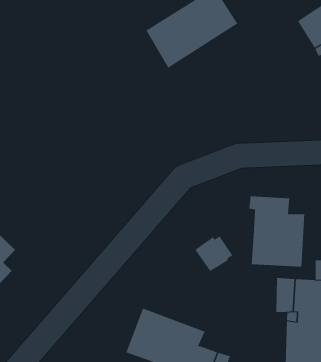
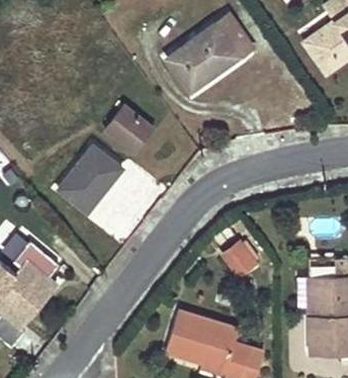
building: none -> [104,104,154,153]
building: none -> [58,145,122,212]
building: [249,196,305,267] -> none

